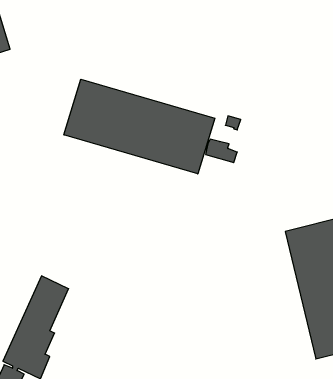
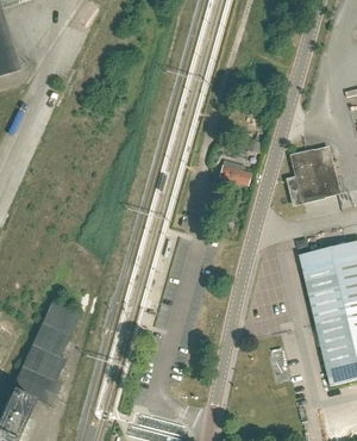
building: [64,79,215,174] -> none
building: none -> [286,147,337,204]

